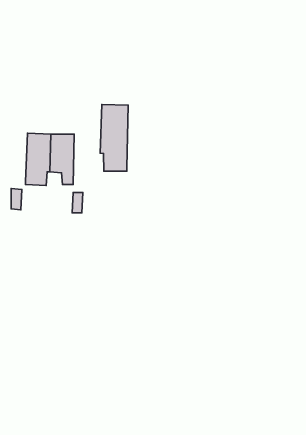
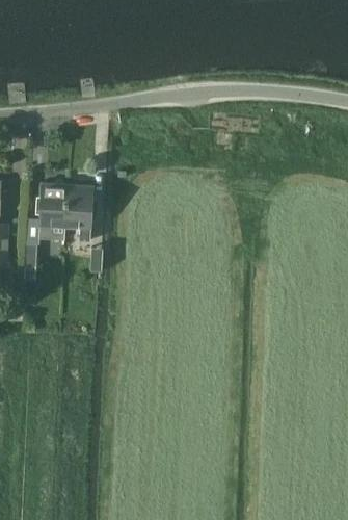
building: [100,105,128,171] -> none

